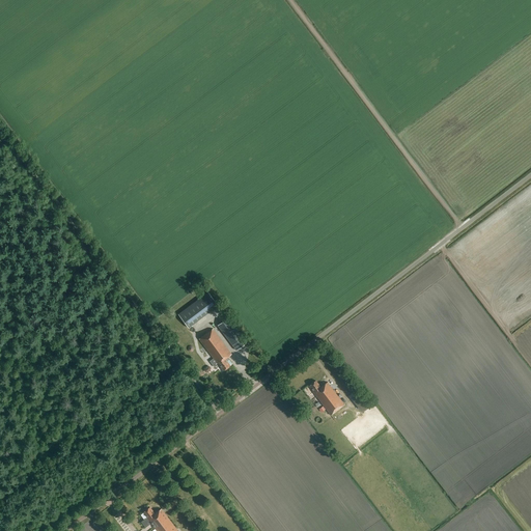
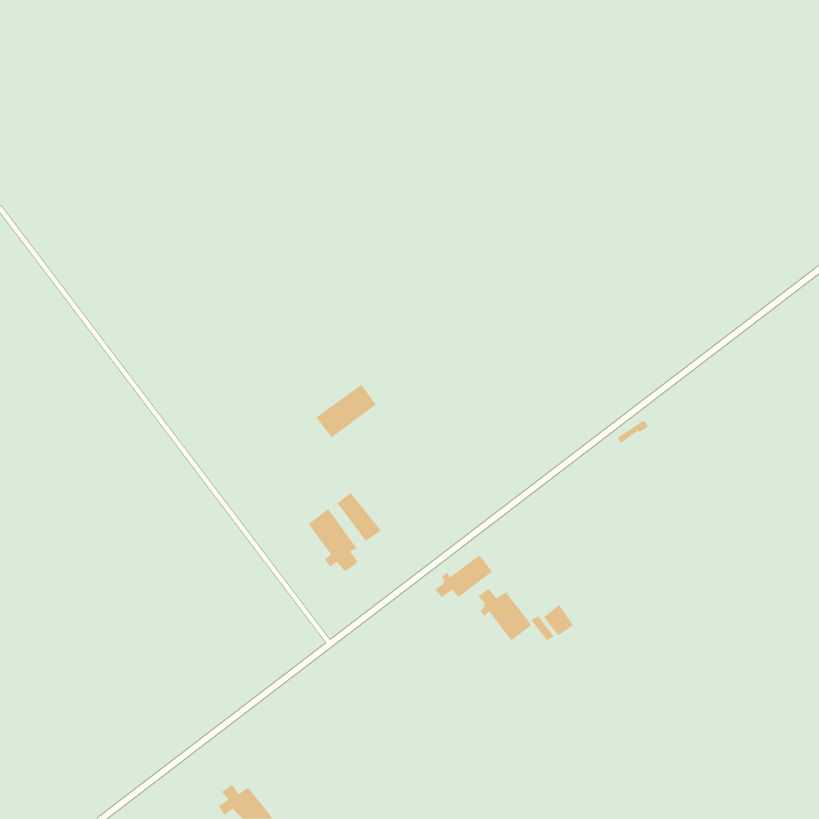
building: [178,292,218,328] -> [315,384,376,438]
building: none -> [434,554,493,598]

